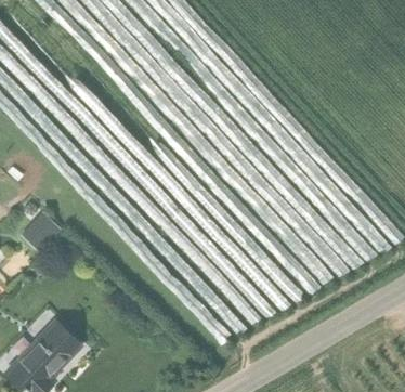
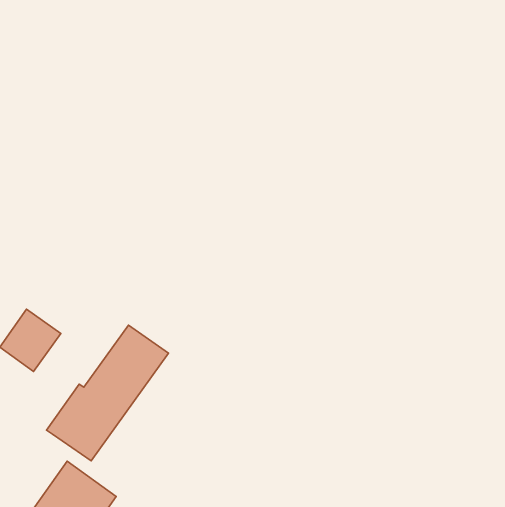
building: none -> [46,325,169,461]

